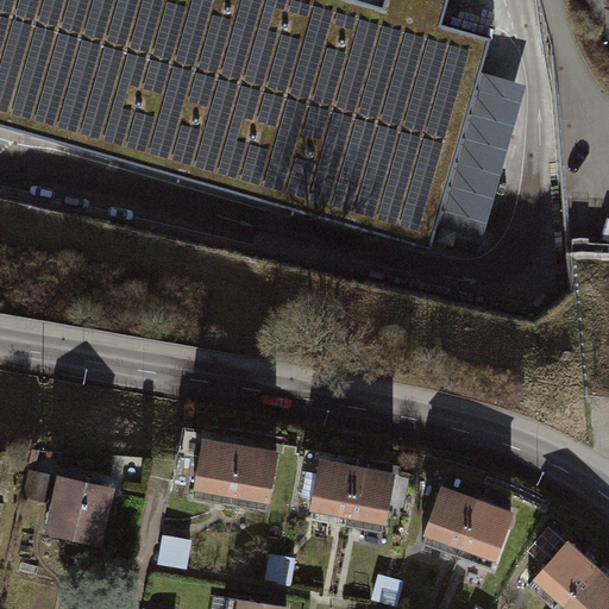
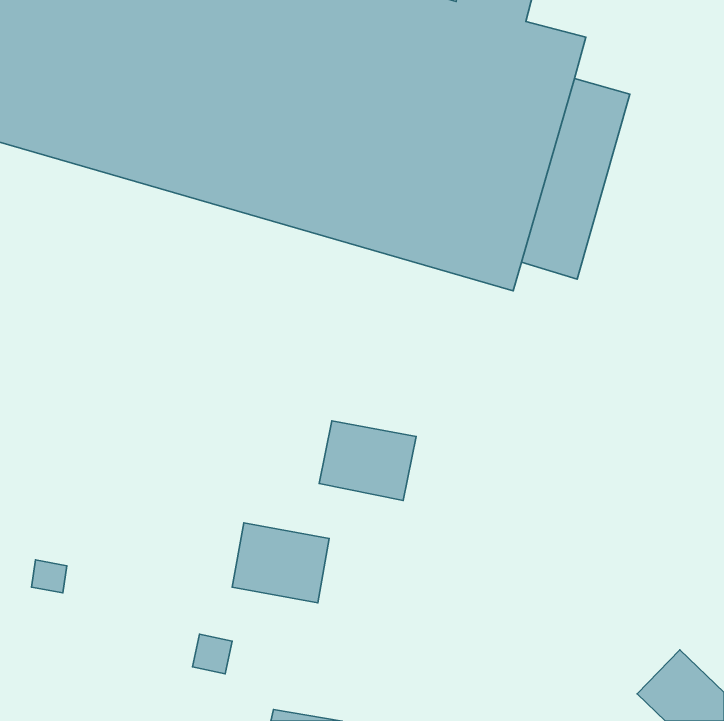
building: [312,457,393,523] -> [319,421,416,501]
building: [64,465,128,542] -> none
building: [425,486,510,561] -> none

